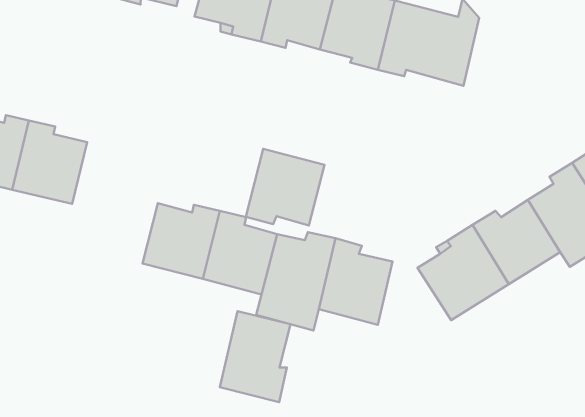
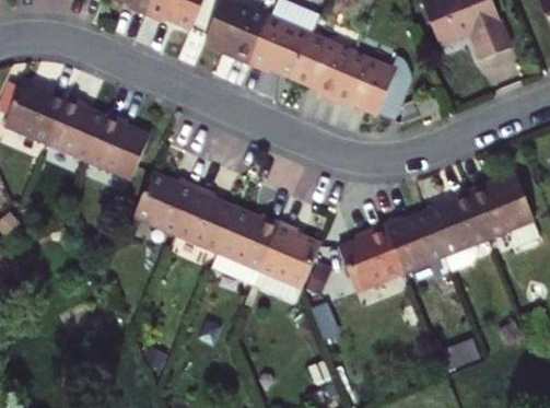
building: none -> [90,112,151,178]
building: [246,149,324,225] -> none
building: [220,311,290,402] -> none

